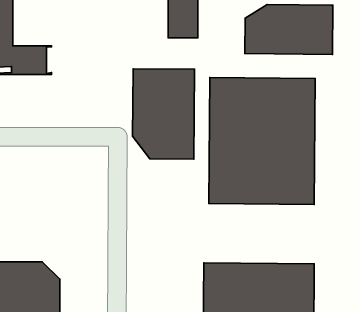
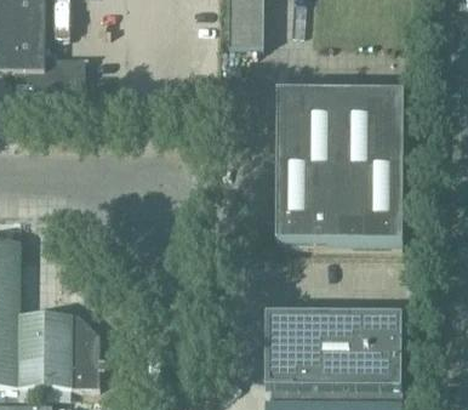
building: [245,4,333,54] -> none
building: [133,69,195,159] -> none

